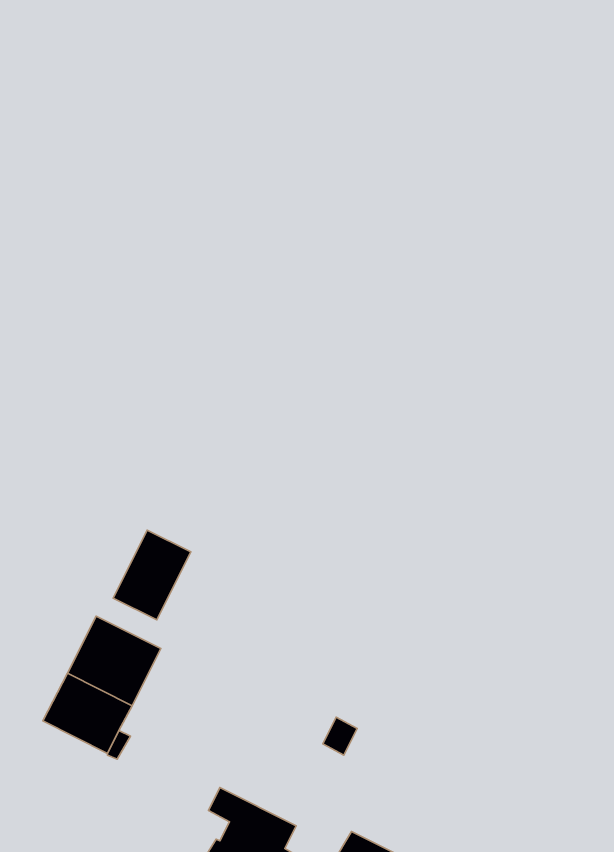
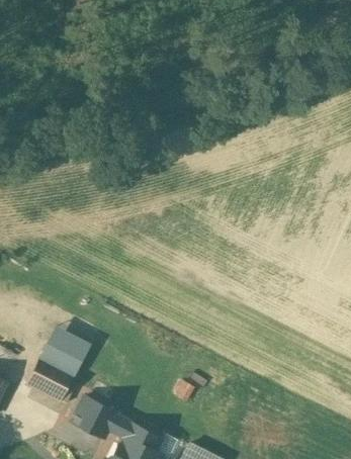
building: [113,530,191,620] -> none
building: none -> [74,397,122,439]

